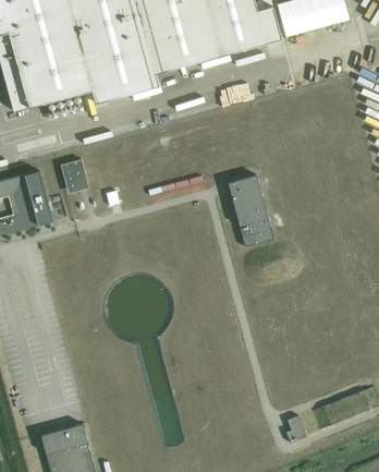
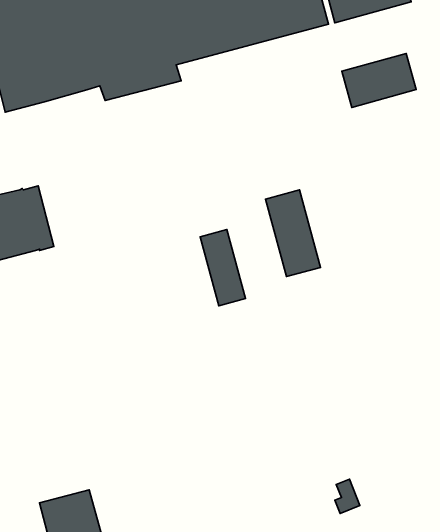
building: none -> [342,53,416,107]
building: [60,159,87,189] -> none
building: none -> [200,230,246,306]

